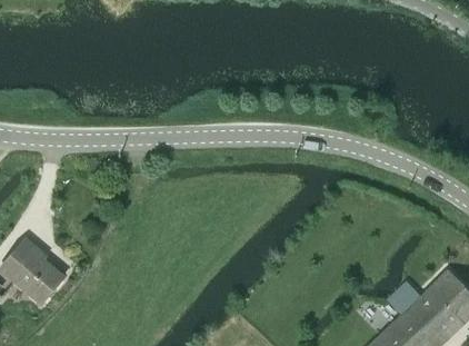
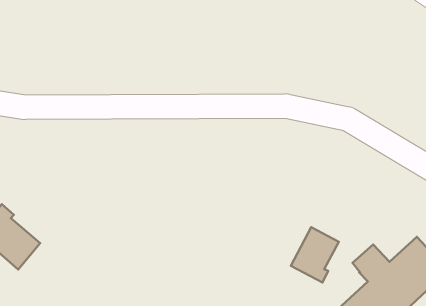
building: none -> [291,227,339,283]

